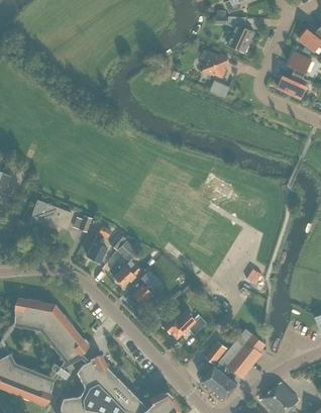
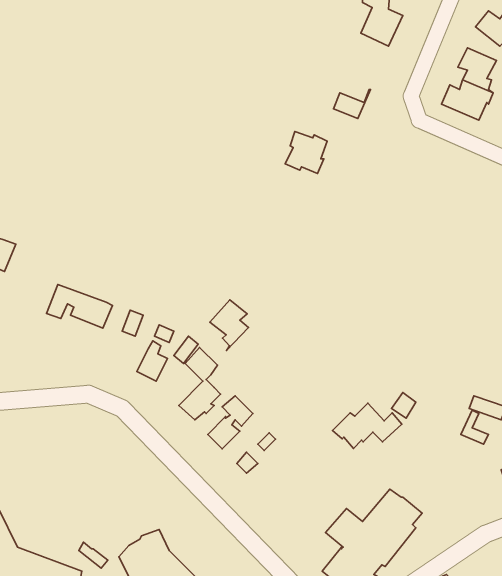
building: [202,51,228,78] -> [285,131,327,173]
building: none -> [210,300,248,350]
building: [14,298,85,362] -> none
building: [163,310,206,338] -> [332,403,402,448]

